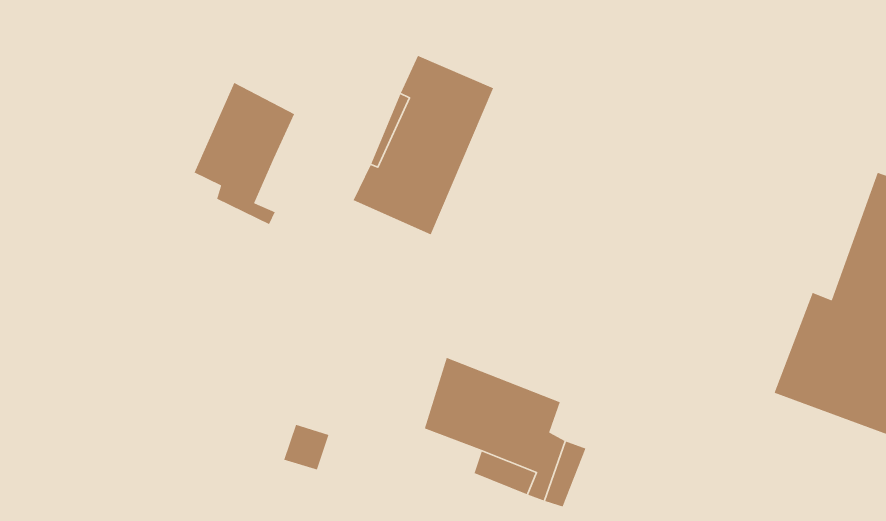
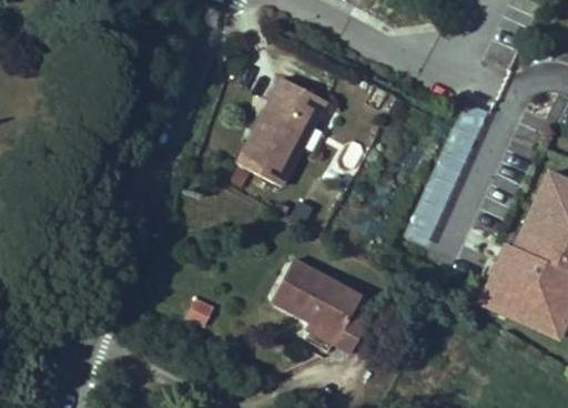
building: none -> [404,98,488,246]
building: [194,82,295,225] -> none

